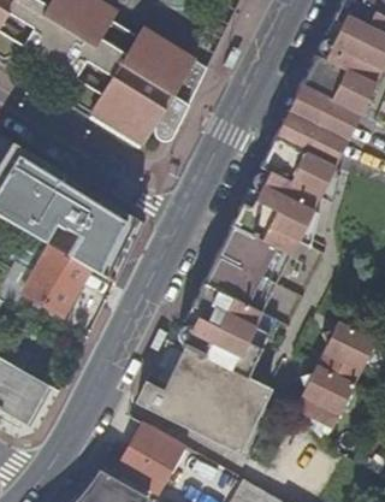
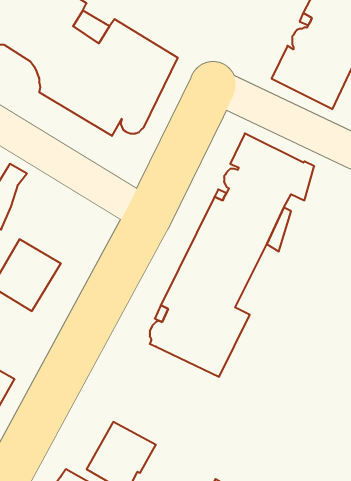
building: [274,85,359,169] -> none
building: [43,173,143,283] -> none
building: [294,324,374,431] -> none
building: [138,350,270,451] -> none

